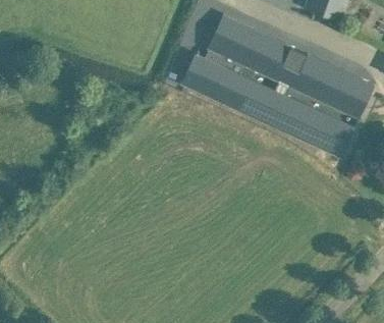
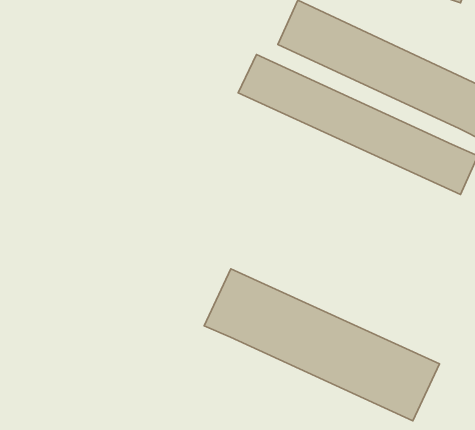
building: none -> [204,269,439,421]

